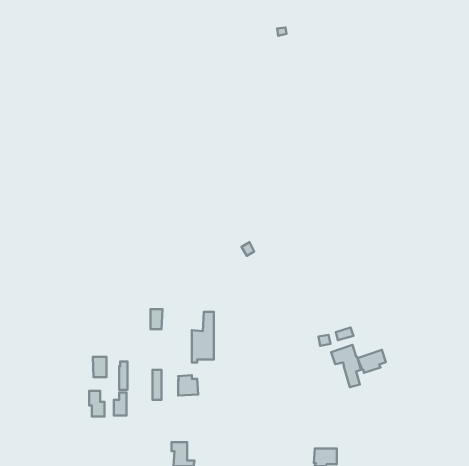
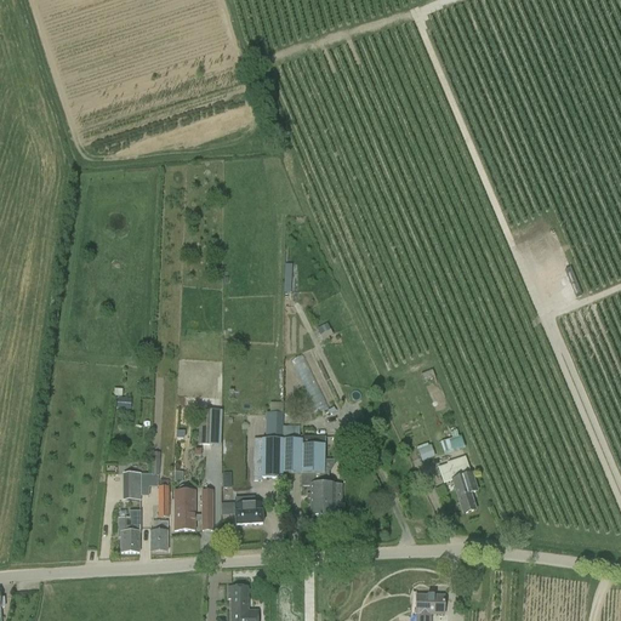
building: none -> [283,425,342,515]
building: [357,350,386,373] -> none
building: none -> [175,484,201,529]

